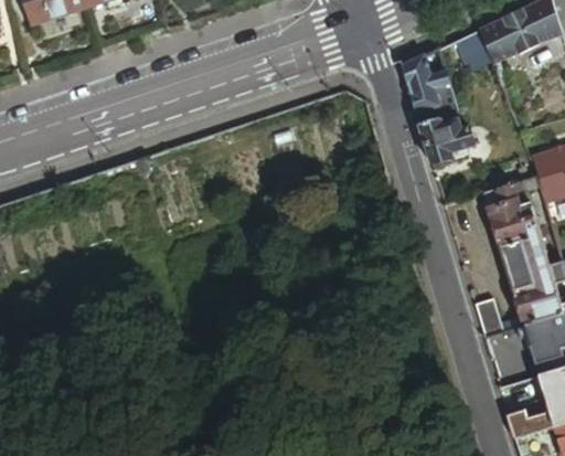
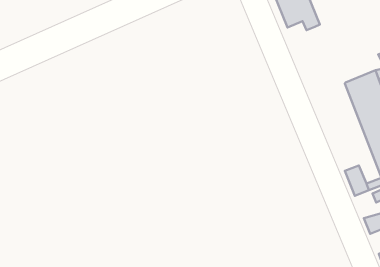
building: [420,115,476,163] -> none

